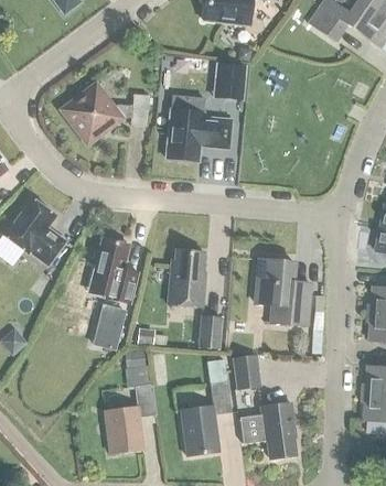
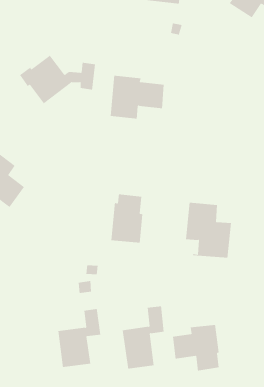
building: [212,61,247,100] -> none
building: [88,237,138,303] -> none
building: [93,304,126,350] -> none
building: [199,314,222,347] -> none
building: [233,354,260,388] -> none

